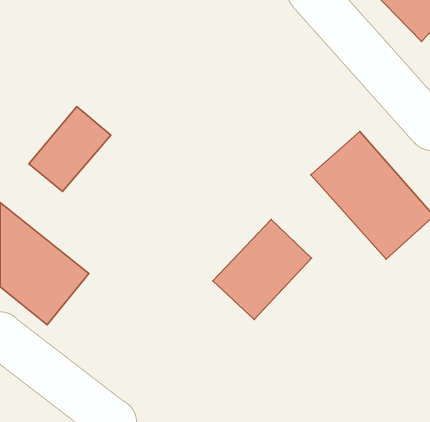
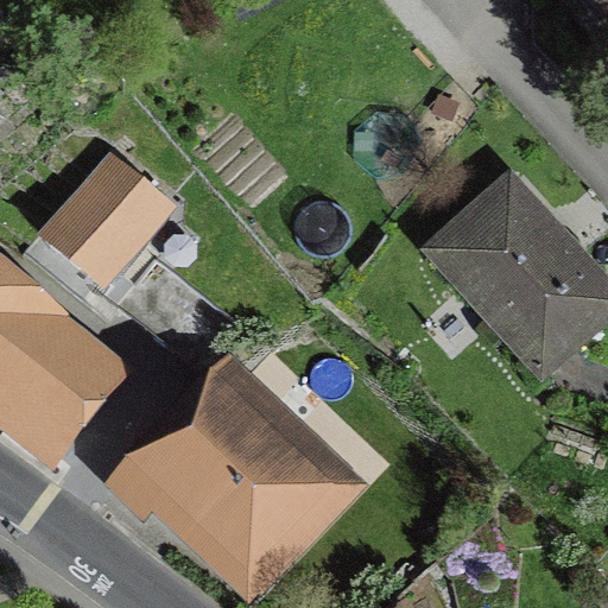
building: [213,219,312,320] -> none
building: none -> [138,381,330,570]

